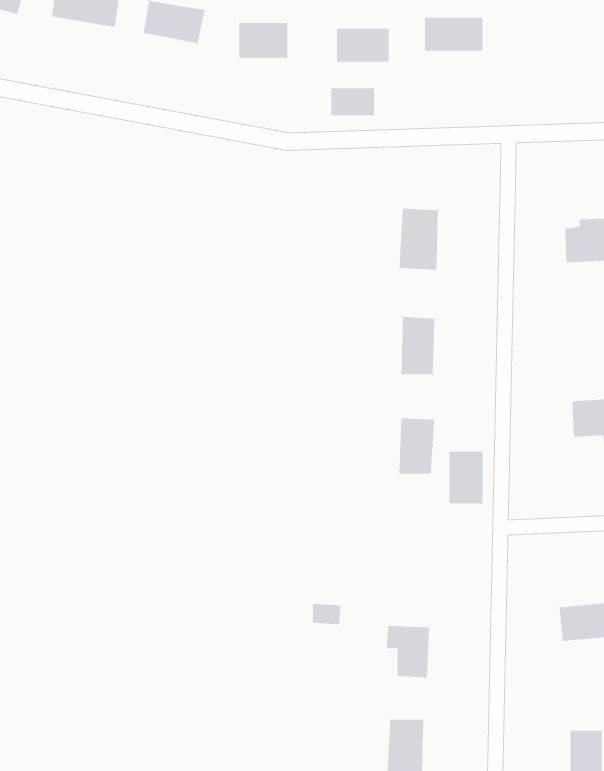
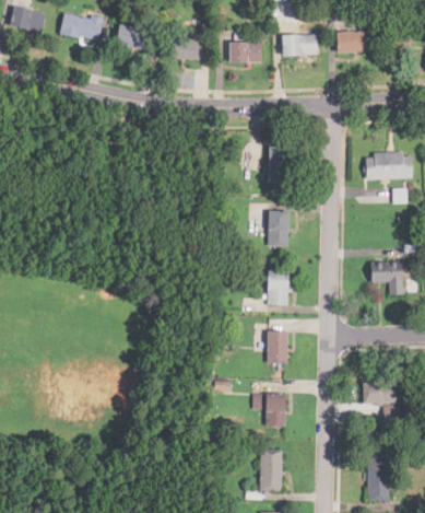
building: none -> [338,31,370,51]
building: [330,87,375,116] -> none
building: [448,451,483,504] -> [267,333,287,364]

